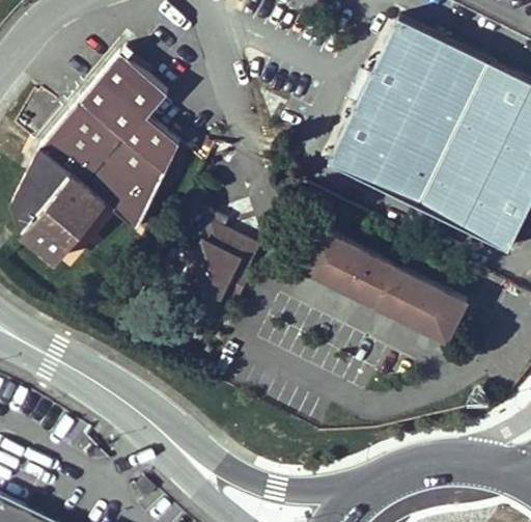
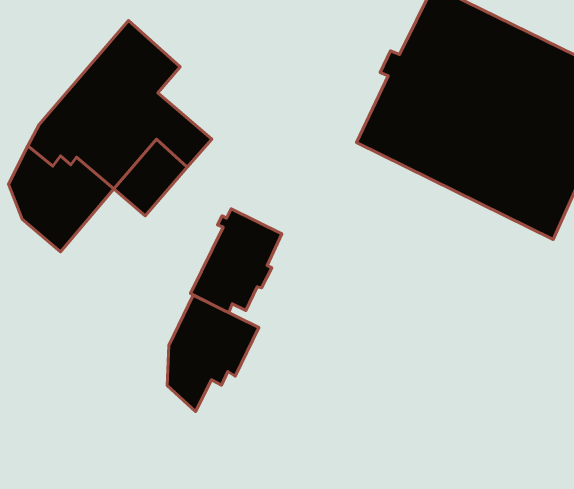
building: [303,231,471,344] -> none
building: none -> [167,295,259,412]

